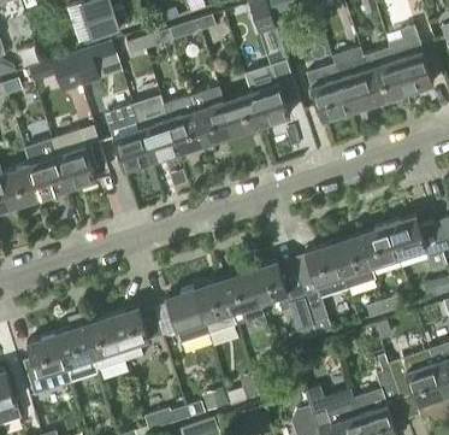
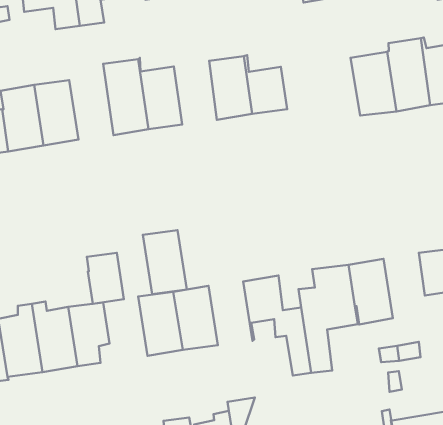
building: [244,65,289,124] -> none
building: [163,96,205,152] -> none
building: [359,224,397,281] -> none
building: none -> [87,253,124,304]
building: [220,271,264,327] -> [143,230,187,294]

